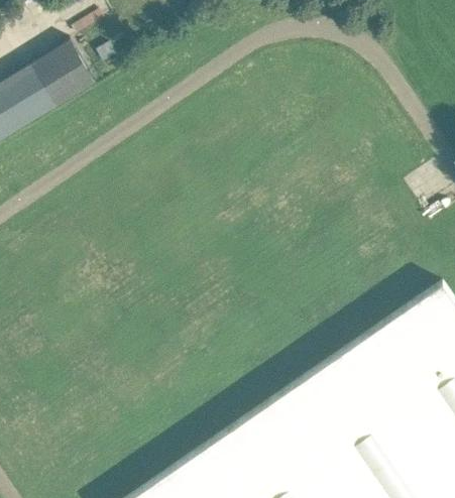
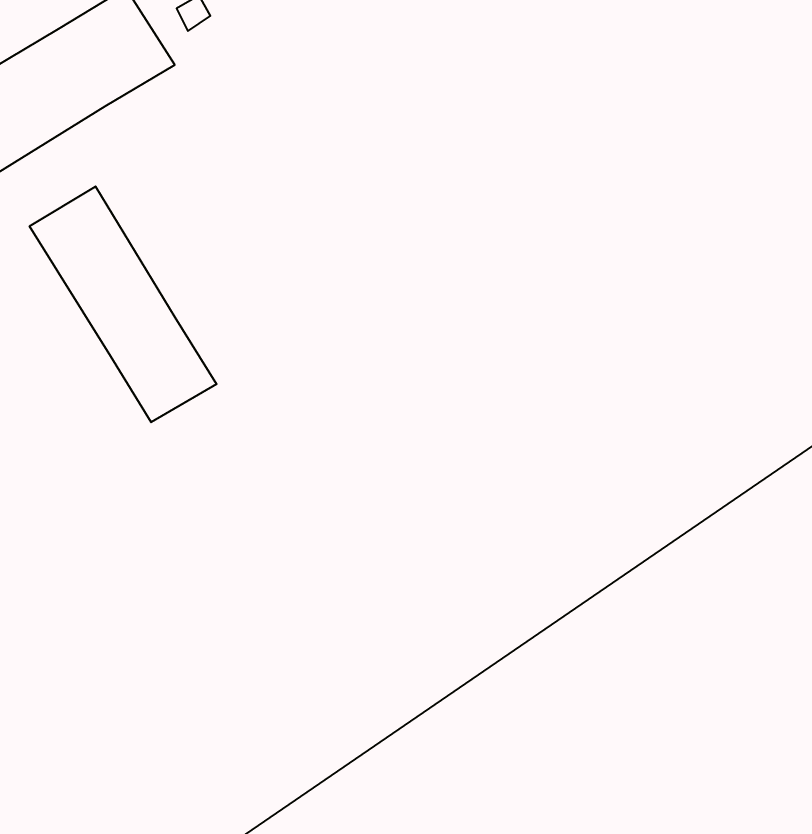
building: none -> [30,186,217,422]

